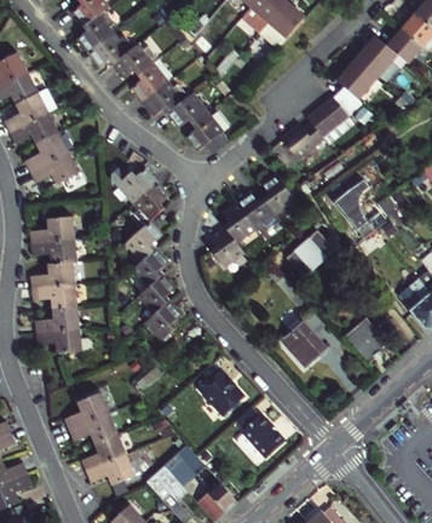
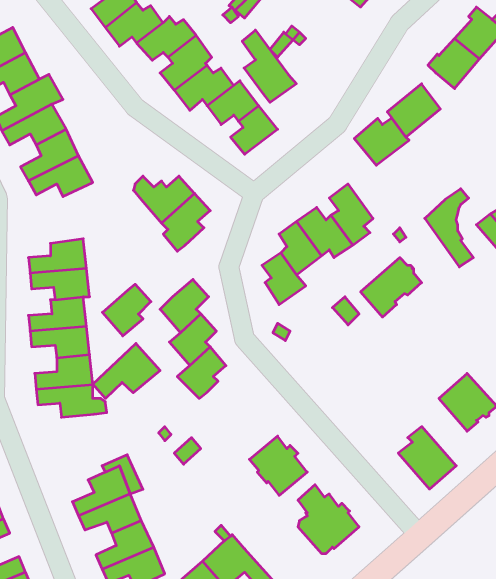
building: none -> [242,30,296,102]
building: [125,220,162,260] -> [102,284,151,336]
building: none -> [93,343,160,398]
building: [281,317,326,366] -> [398,427,456,489]

